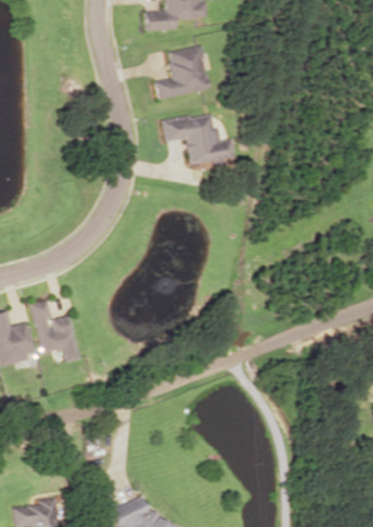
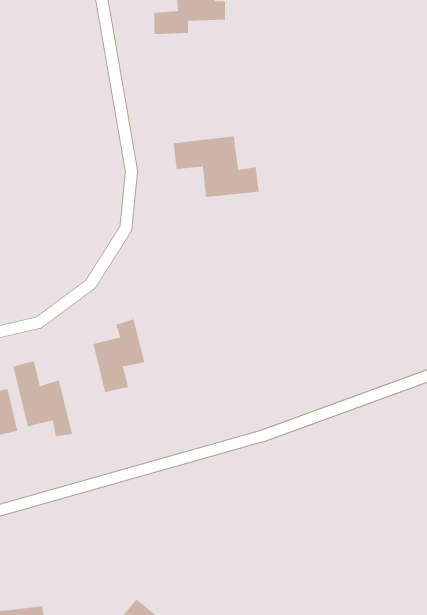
building: [155,45,208,97] -> none
building: none -> [93,318,145,393]

